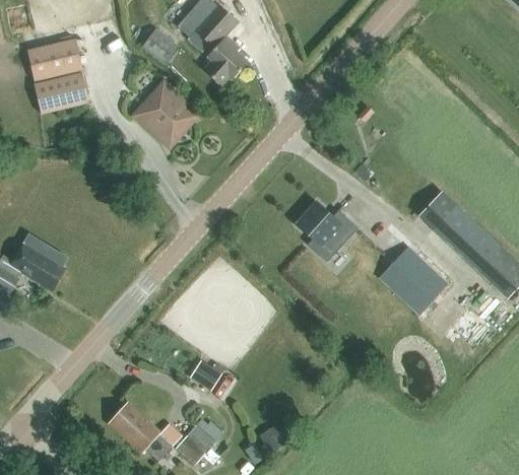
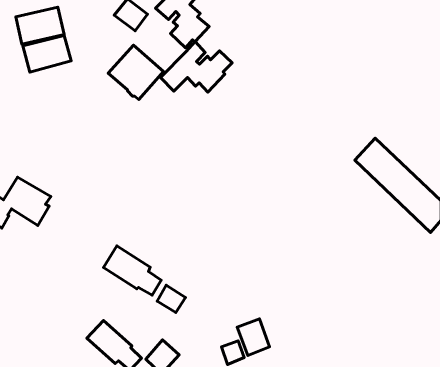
building: none -> [160,42,232,92]
building: [297,202,358,261] -> none
building: [379,246,448,315] -> none
building: none -> [104,246,161,295]
building: none -> [237,319,269,356]

